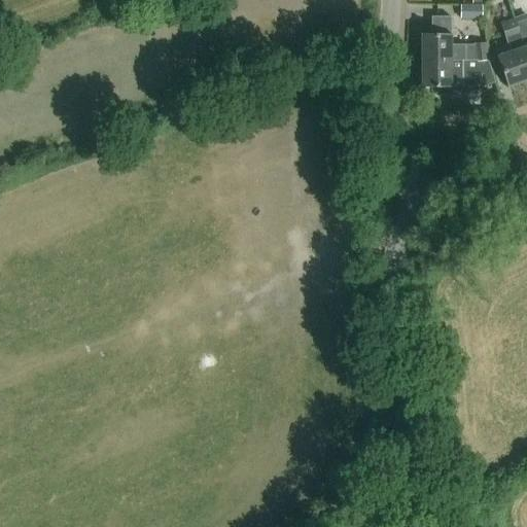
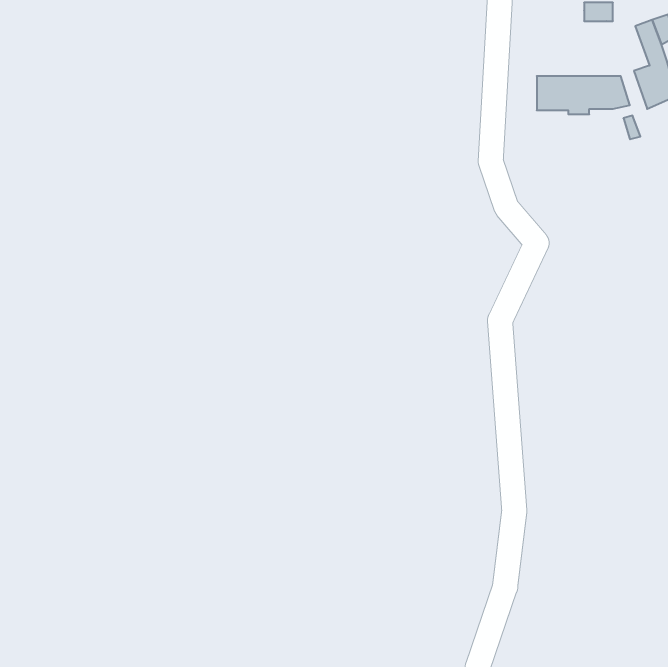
building: [423,15,489,60] -> none

